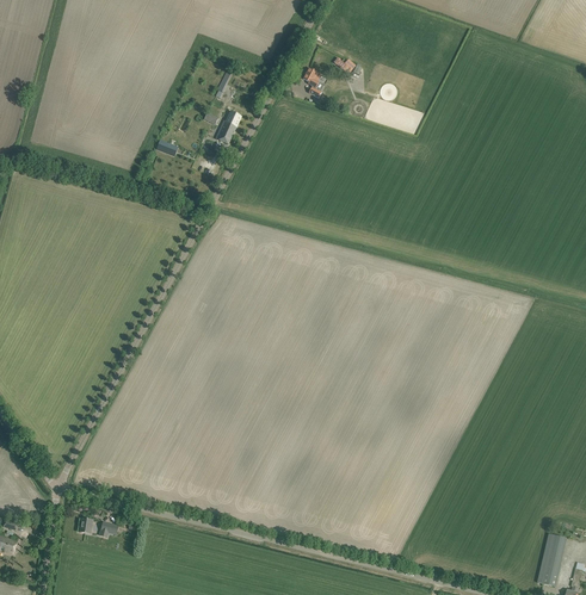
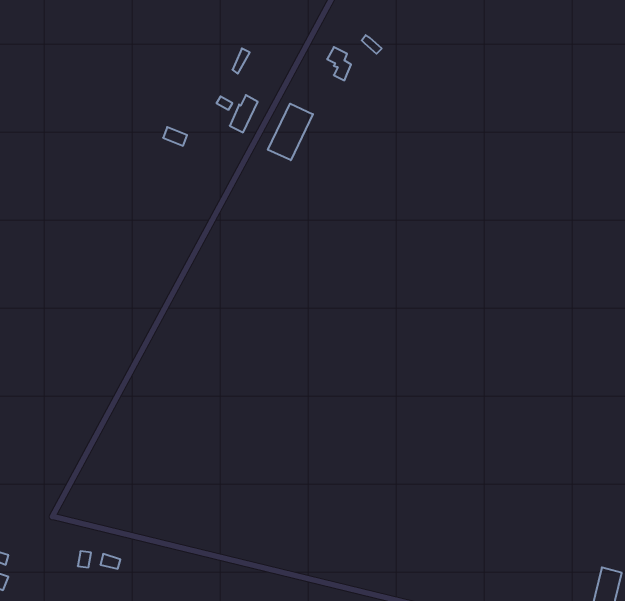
building: none -> [268,104,313,160]

